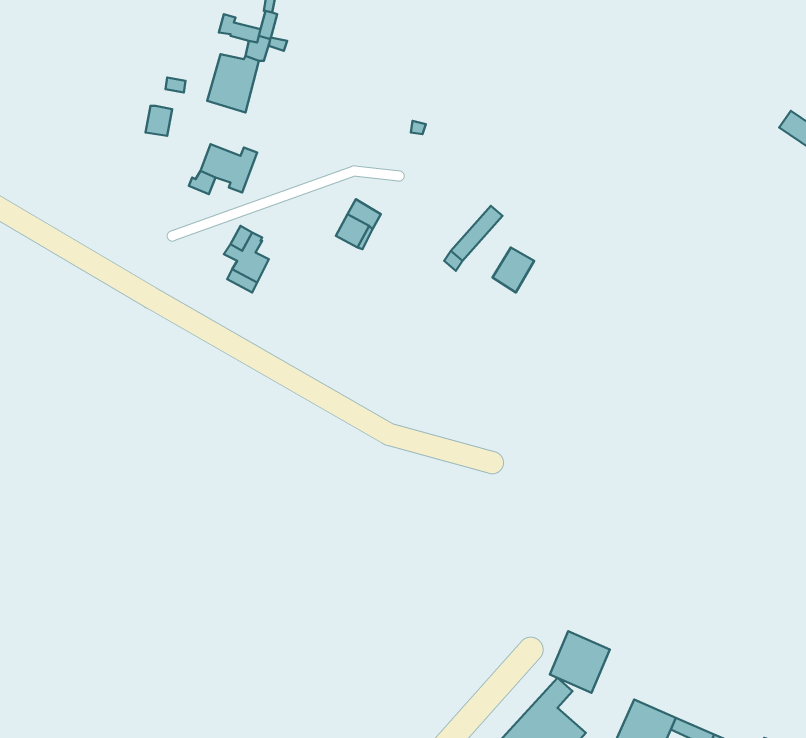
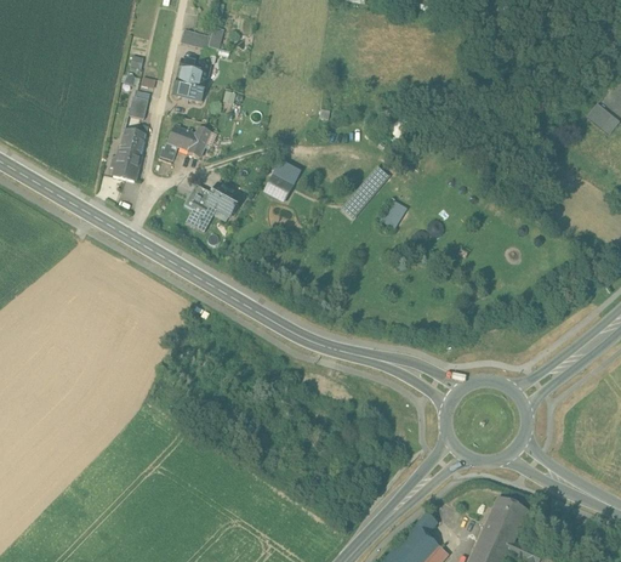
building: none -> [113,130,146,181]
building: none -> [207,183,241,215]
building: [550,631,610,693] -> [483,496,526,541]

